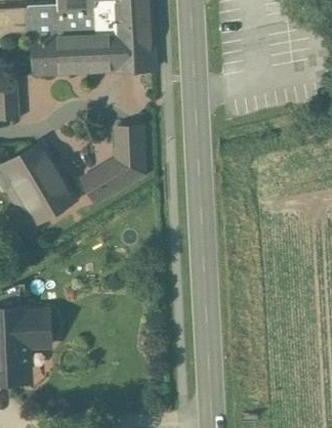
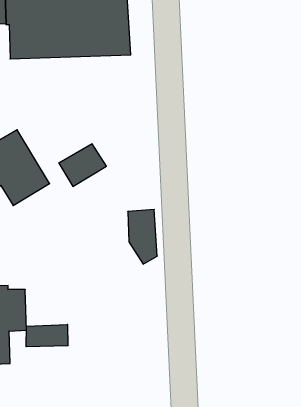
building: [115,127,144,182] -> [128,209,157,264]
building: none -> [26,324,68,347]

